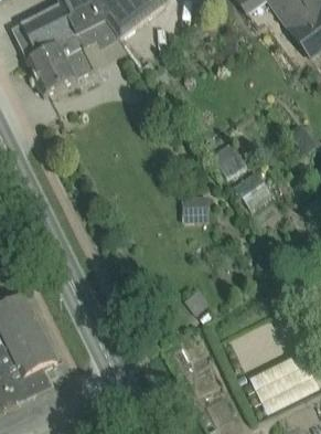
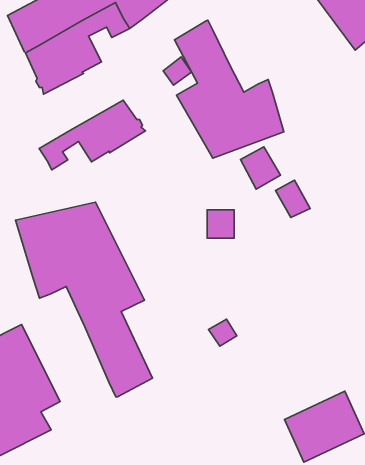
building: none -> [175,20,284,158]
building: none -> [39,100,145,170]
building: none -> [16,202,152,397]

